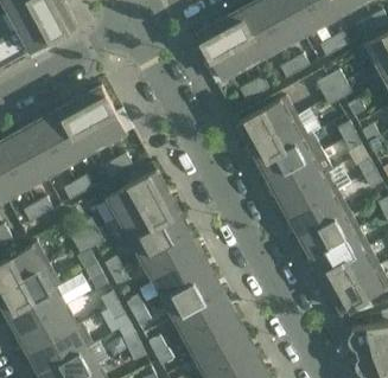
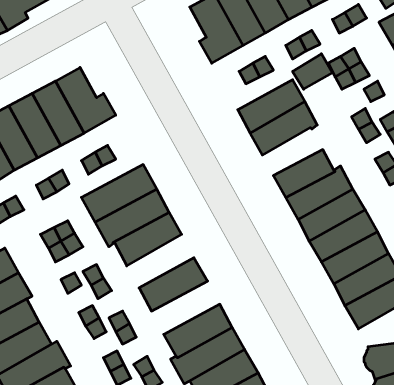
building: [259,137,311,179] -> none
building: [141,230,199,276] -> none
building: [163,270,222,316] -> none

